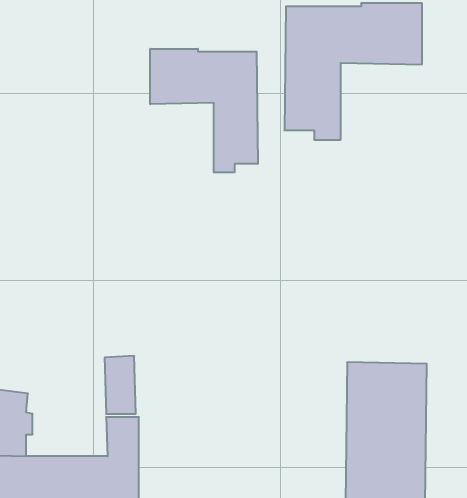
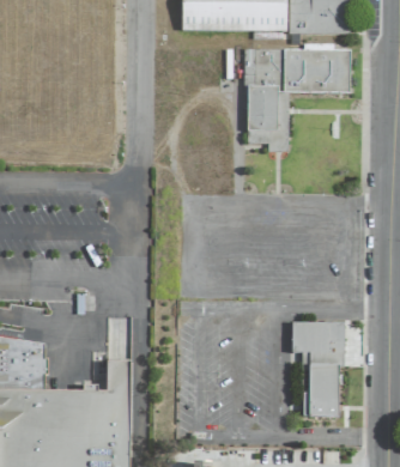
building: [150,49,258,172] -> none

